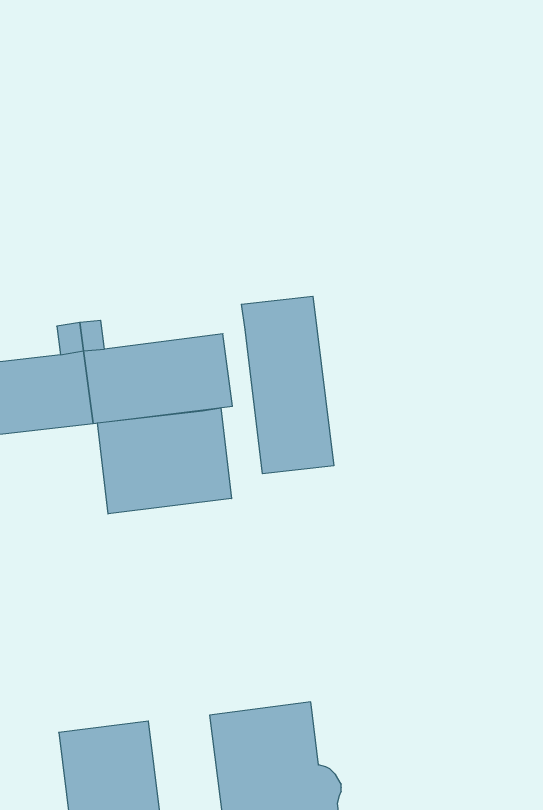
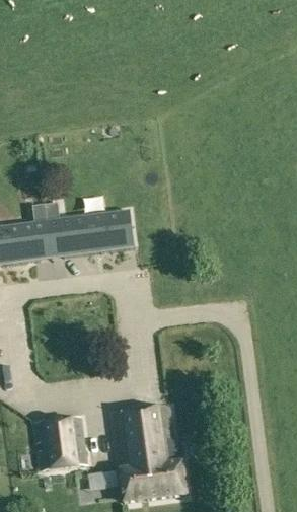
building: [241,296,334,474] -> none
building: [97,408,232,514] -> none

